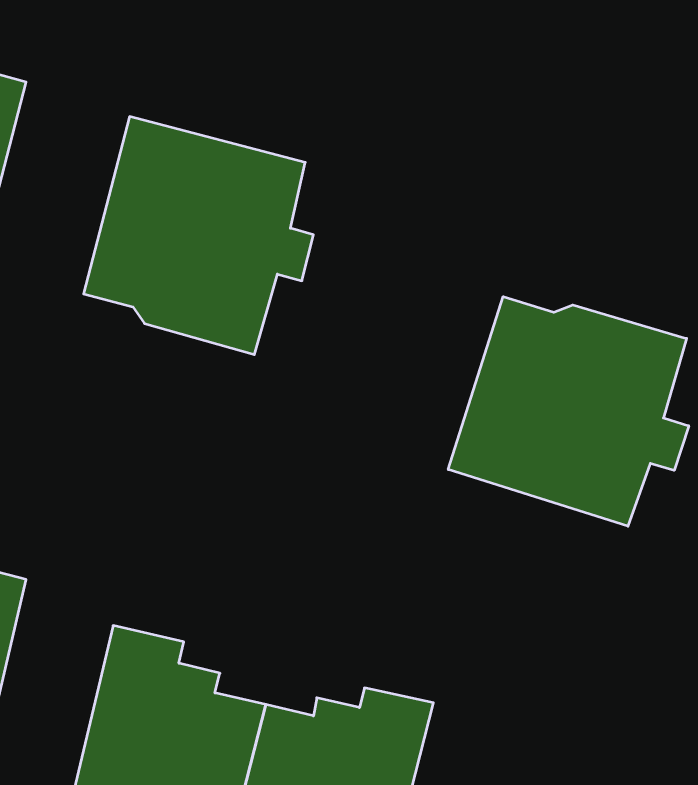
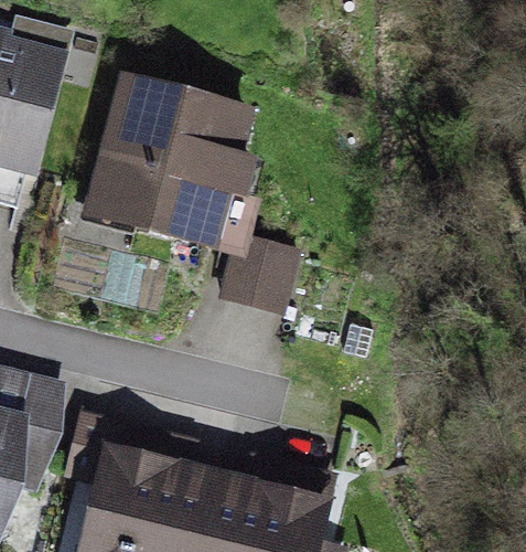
building: [448,297,689,526] -> none
building: none -> [228,231,311,314]

